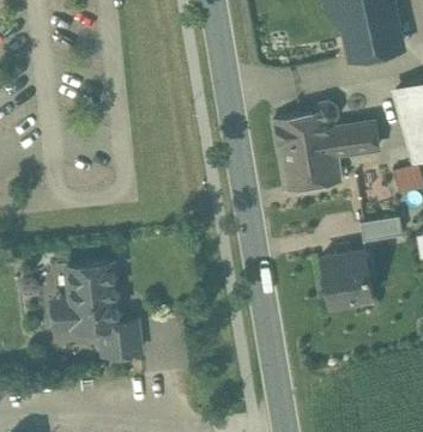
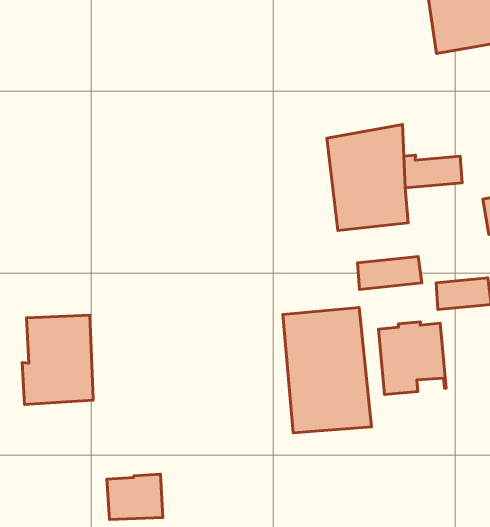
building: none -> [358,257,422,290]
building: none -> [283,308,371,433]
building: [98,321,140,355] -> [107,474,163,519]

